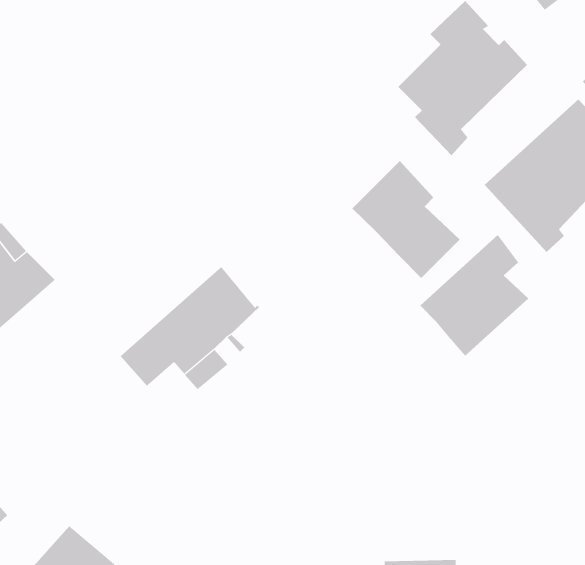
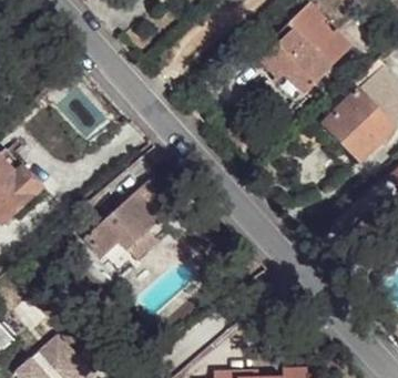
building: [352,160,461,279] -> none
building: [420,234,529,357] -> none

